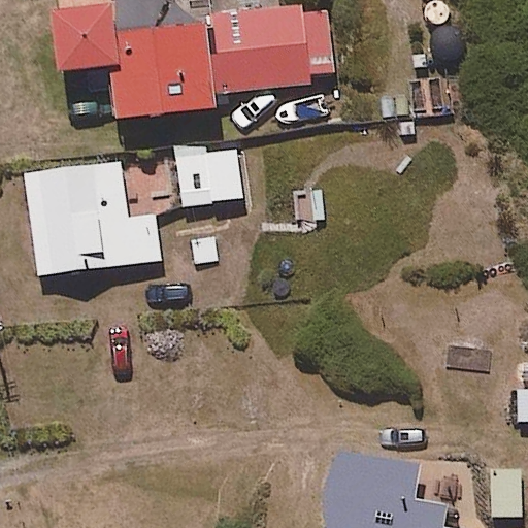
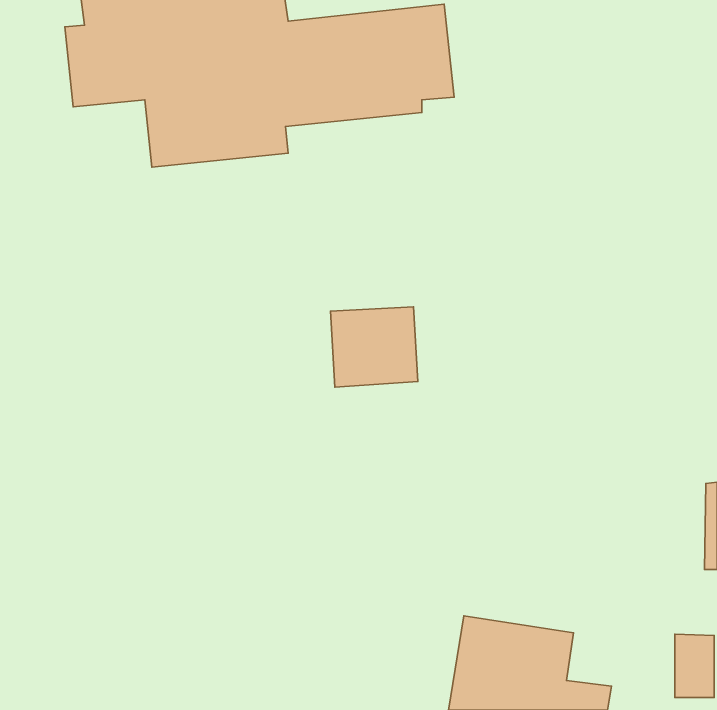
building: [176,143,240,202] -> [331,307,418,387]
building: [24,161,160,275] -> none

